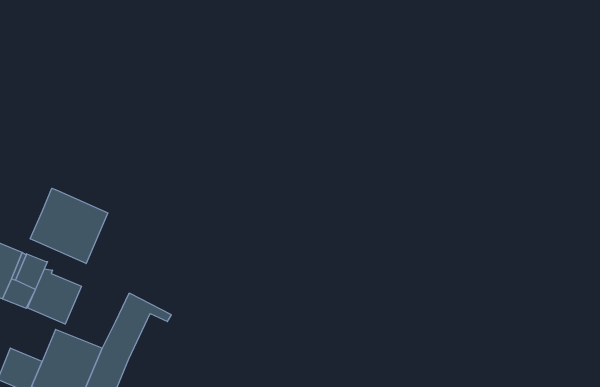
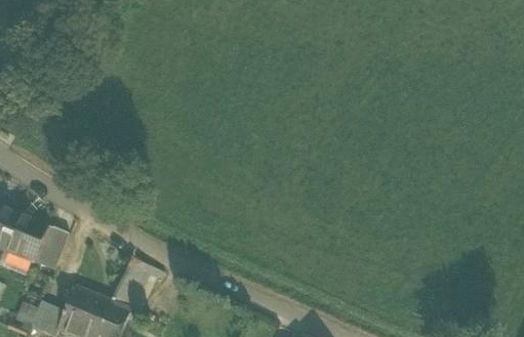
building: [30,188,108,264] -> none
building: [27,269,81,324] -> none

